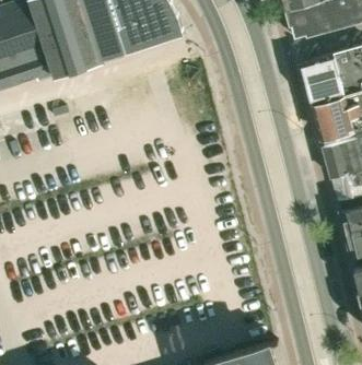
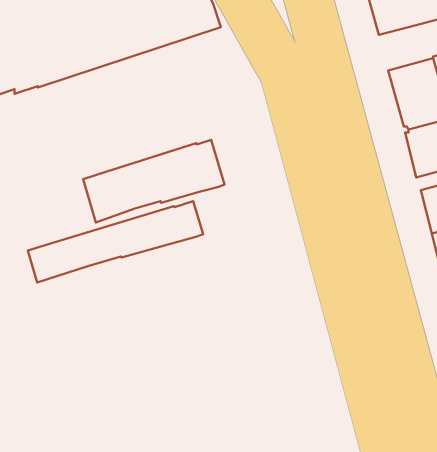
building: none -> [83,140,225,222]
building: none -> [28,201,203,283]

